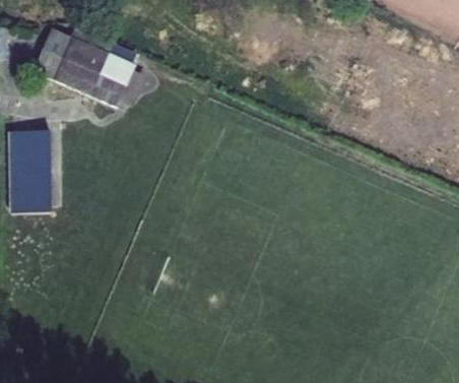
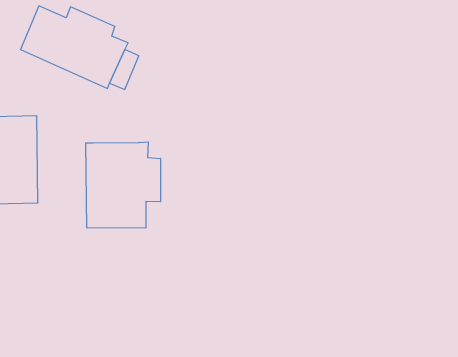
building: none -> [86,142,160,228]

